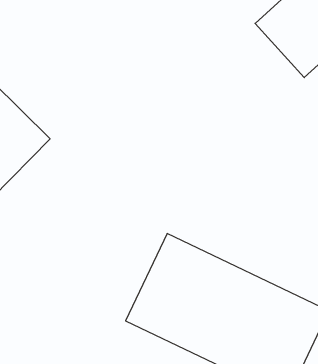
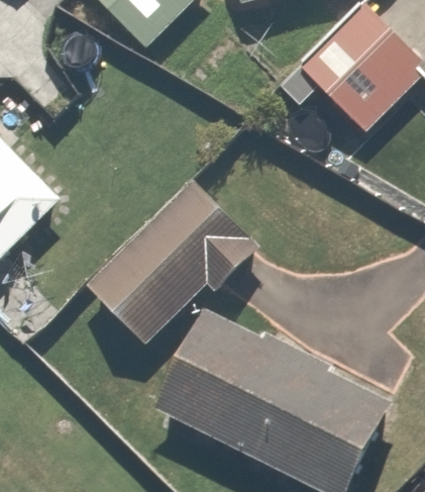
building: none -> [85,181,246,343]

